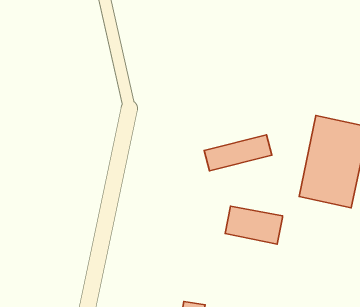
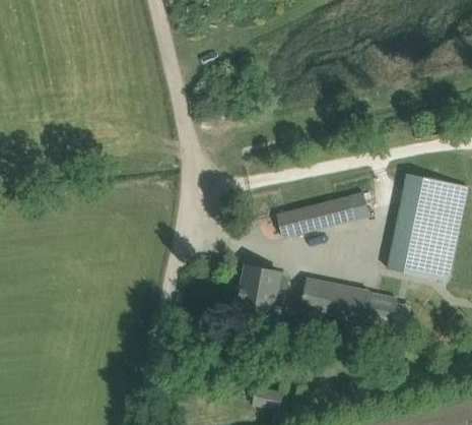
building: none -> [232,263,280,318]
building: none -> [362,291,397,326]

